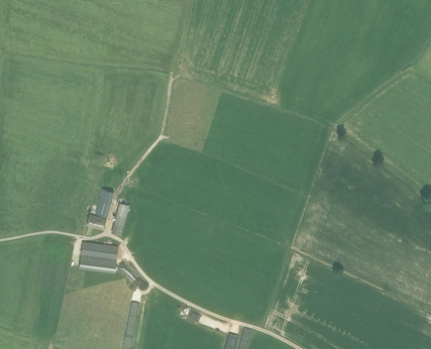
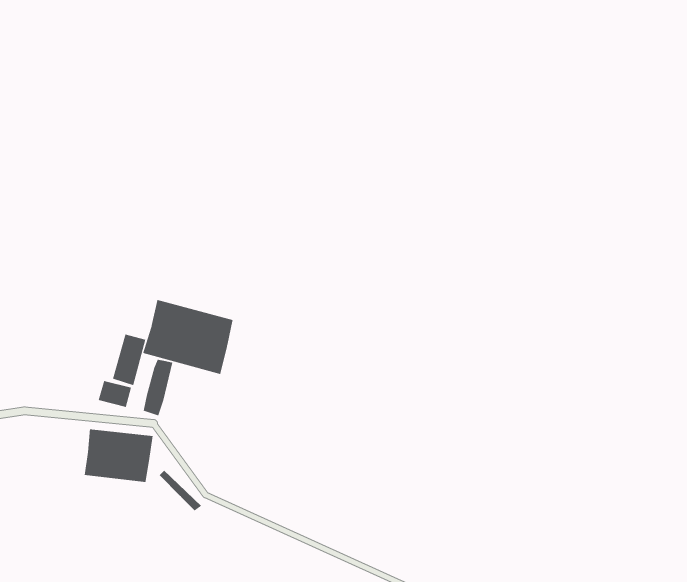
building: none -> [143,299,233,375]

